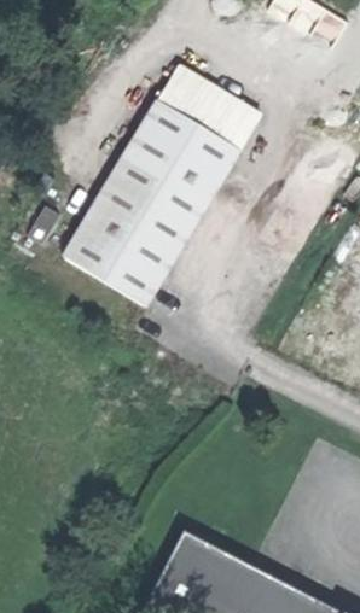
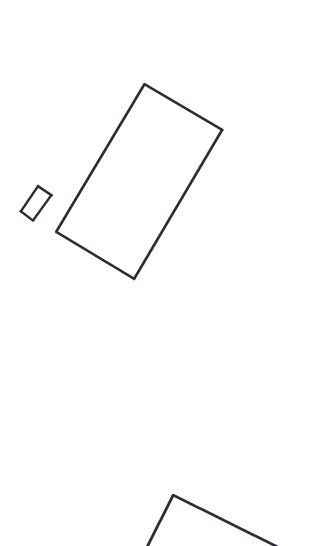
building: [156,63,261,148] -> none

